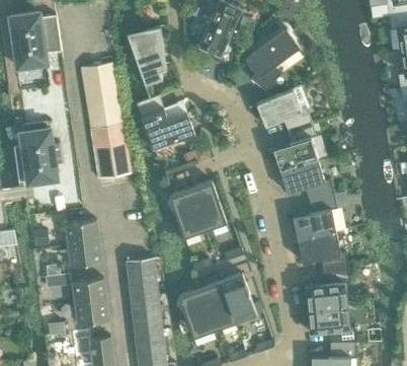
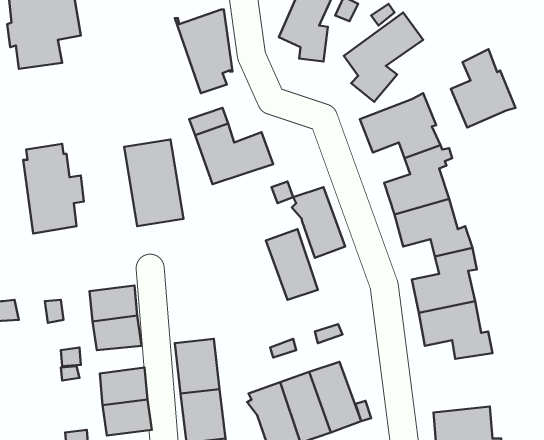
building: none -> [451,49,516,128]
building: [81,63,123,124] -> none
building: [167,190,205,239] -> [292,187,345,258]
building: [304,269,349,310] -> none

